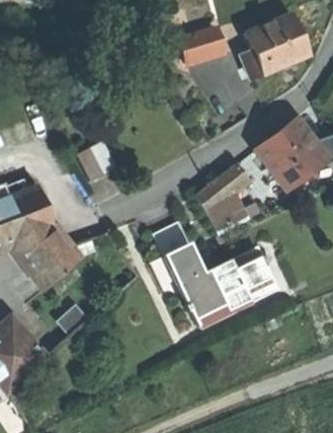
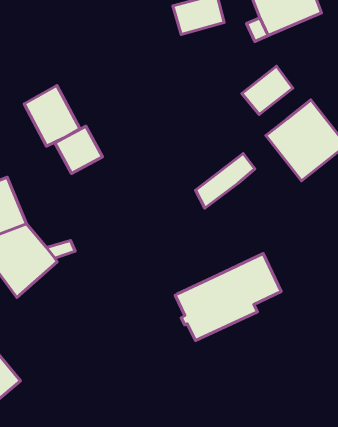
building: none -> [242,66,293,114]
building: none -> [24,86,80,146]
building: [206,191,250,235] -> none
building: [159,223,204,285] -> none

